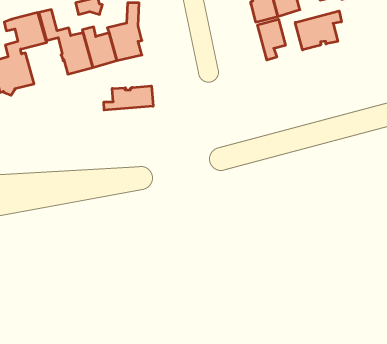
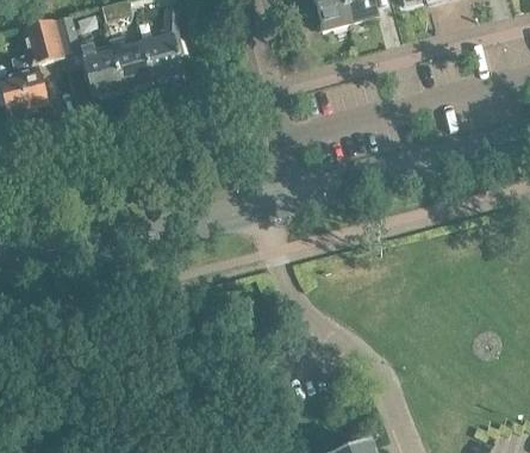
building: [295,11,341,50] -> none
building: [258,19,285,60] -> none
building: [104,86,153,110] -> none

